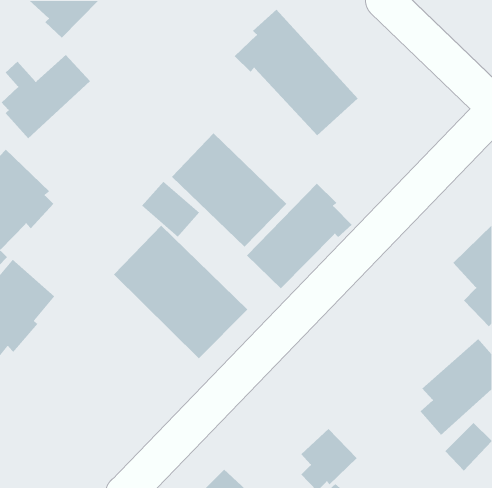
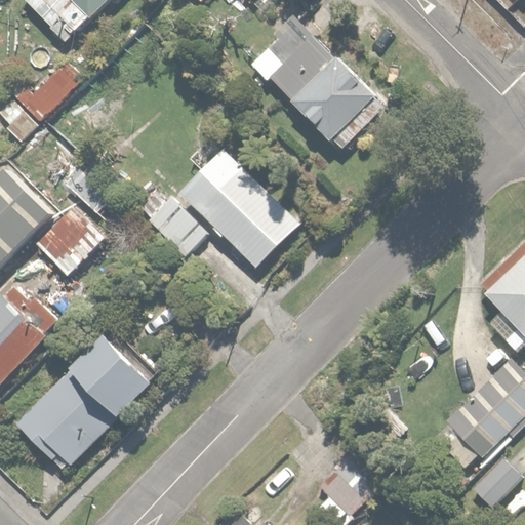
building: [246,183,352,289] -> none
building: none -> [40,212,108,280]
building: [113,225,248,359] -> none
building: none -> [14,331,154,470]

